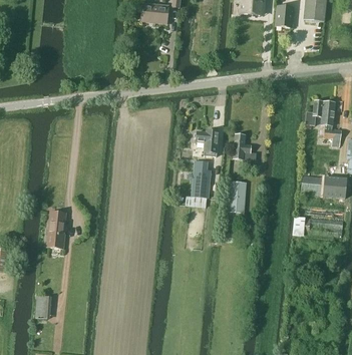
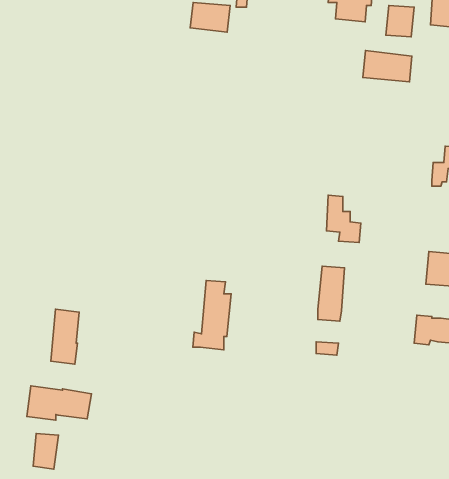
building: none -> [363,51,412,82]
building: [196,129,219,155] -> none
building: [186,159,212,207] -> [193,280,231,350]
building: none -> [27,386,91,420]

